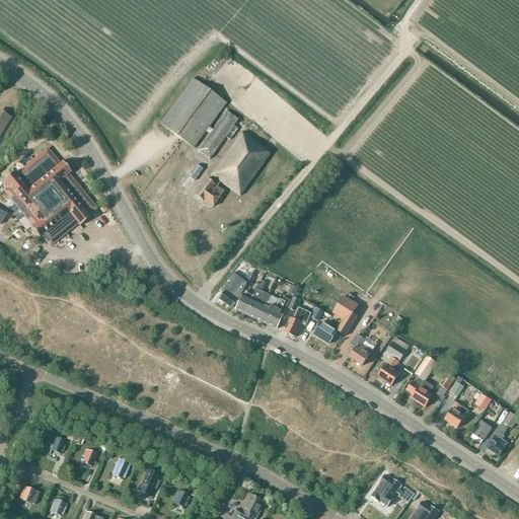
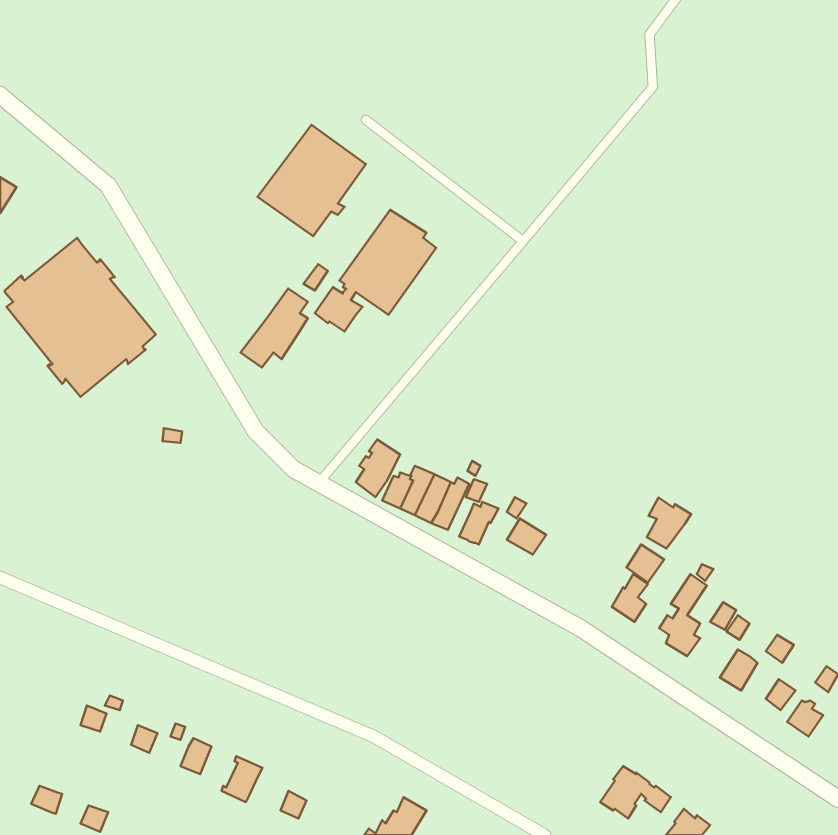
building: [197,109,238,158] -> [241,289,308,367]
building: [332,295,359,335] -> none
building: [350,332,377,364] -> [647,498,691,548]

